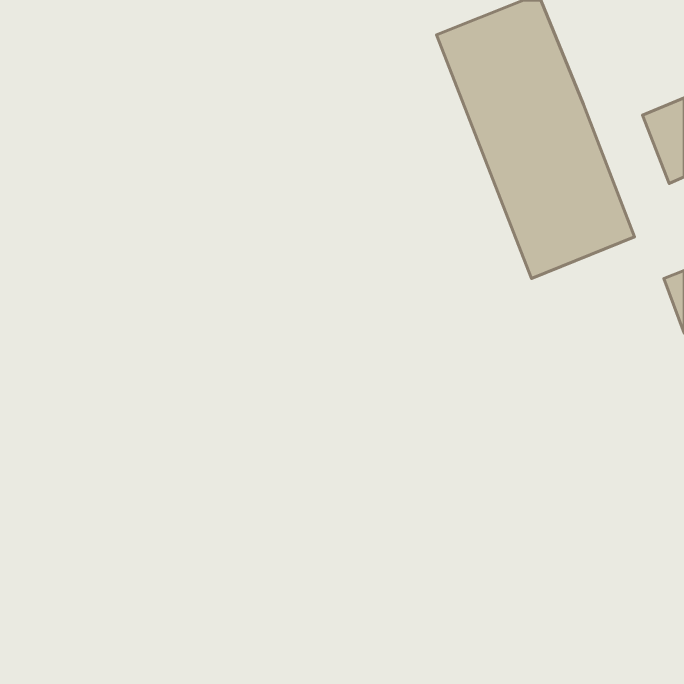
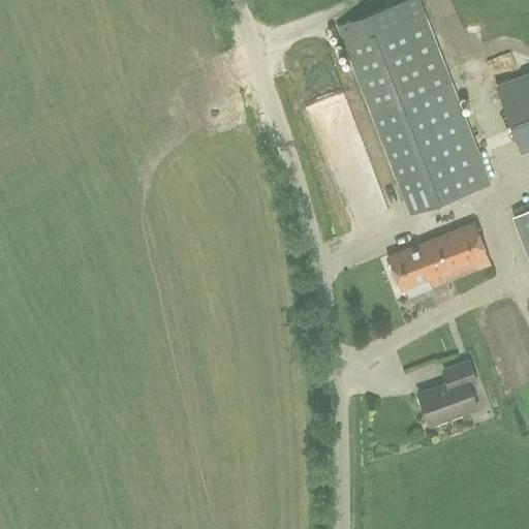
building: none -> [388,222,491,290]
building: none -> [418,361,477,424]

